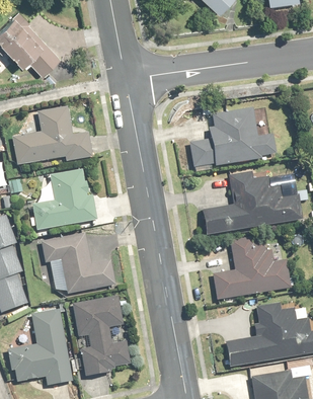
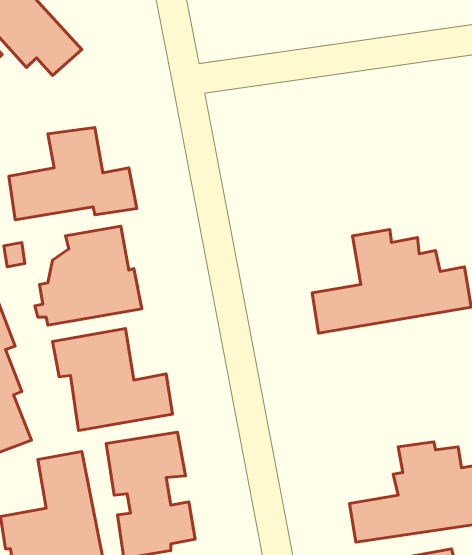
building: [189,106,276,169] -> none
building: [214,237,290,299] -> none

